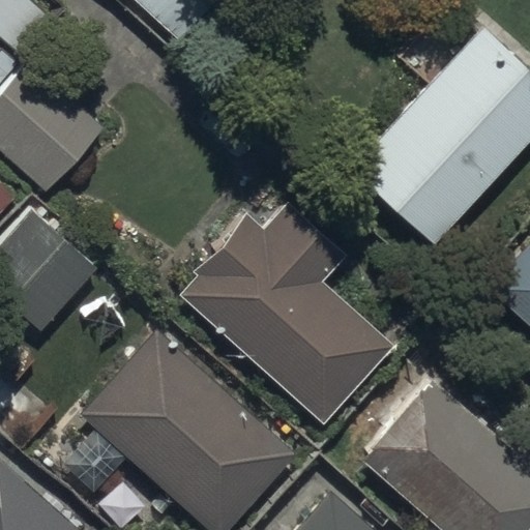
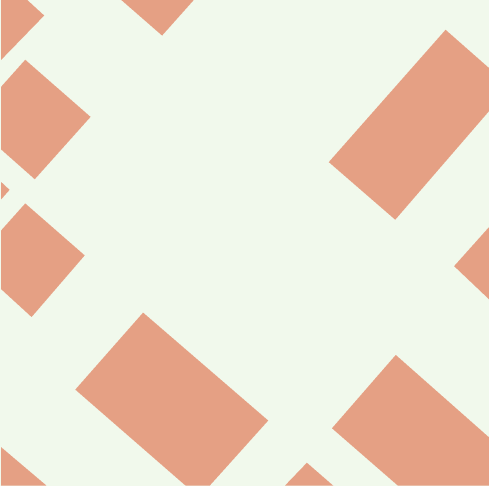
building: [189,209,394,419] -> none

